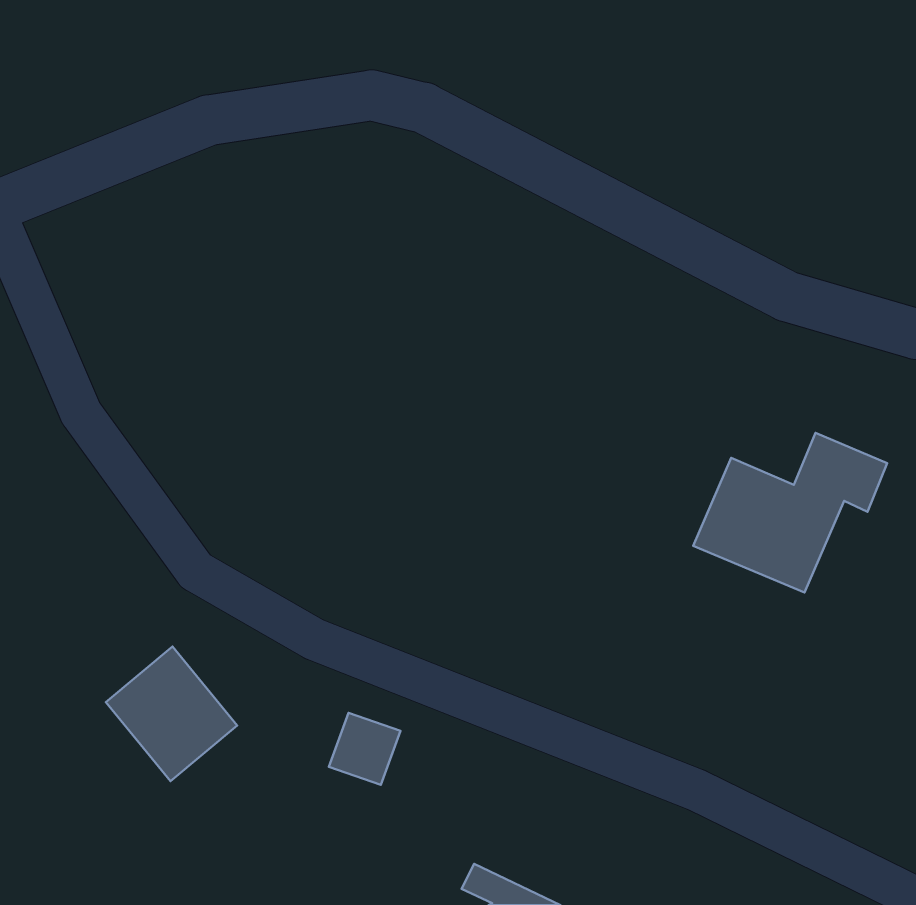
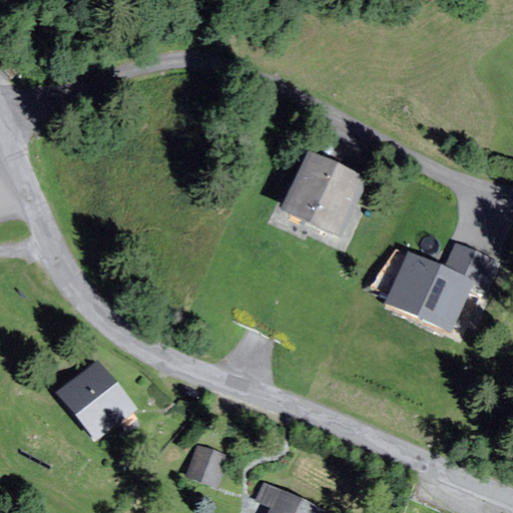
building: none -> [284,156,365,236]
building: [329,713,401,785] -> [186,442,226,482]

